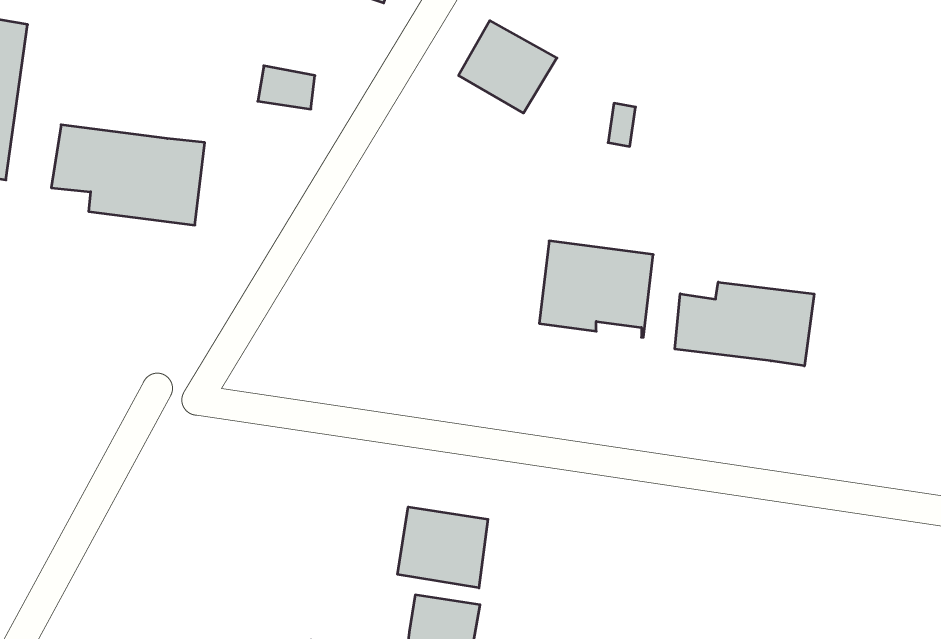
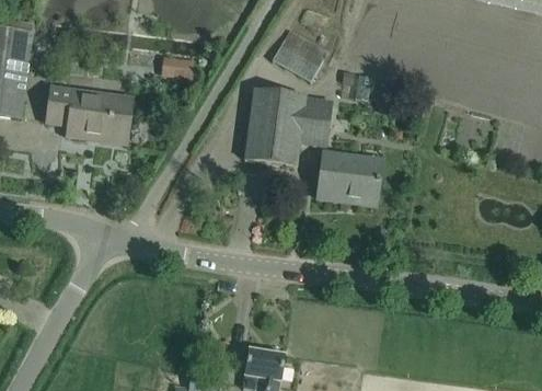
building: none -> [243,90,331,166]
building: [675,282,814,366] -> none
building: [398,507,488,588] -> none

